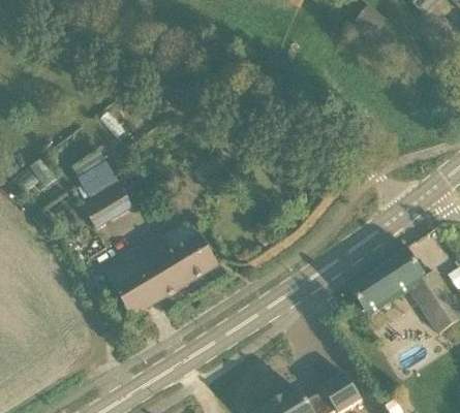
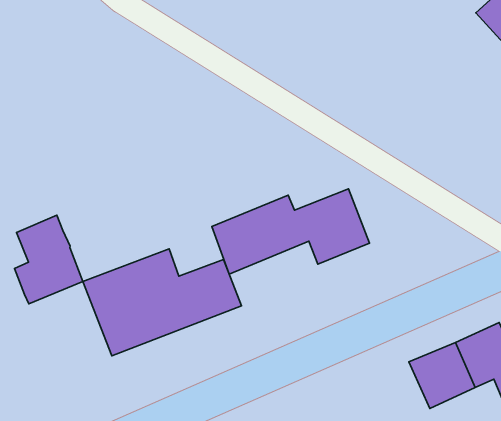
building: [79,160,132,227] -> [15,215,83,304]
building: none -> [212,189,369,274]

